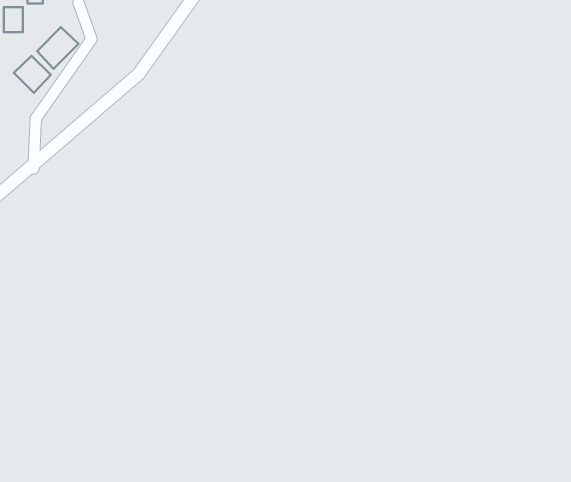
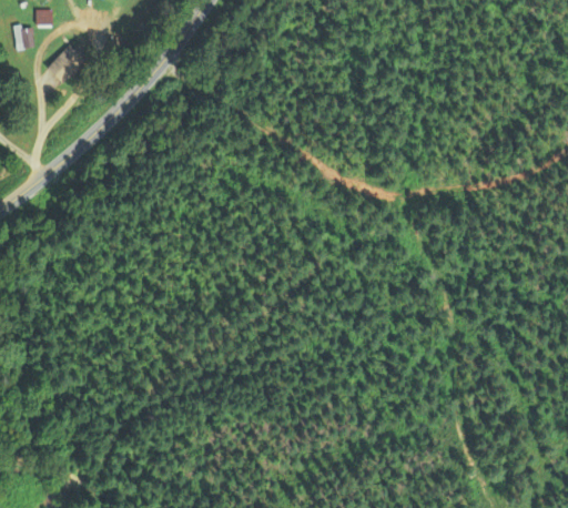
building: [14,56,51,93] -> none

